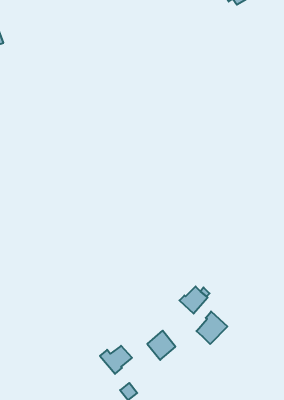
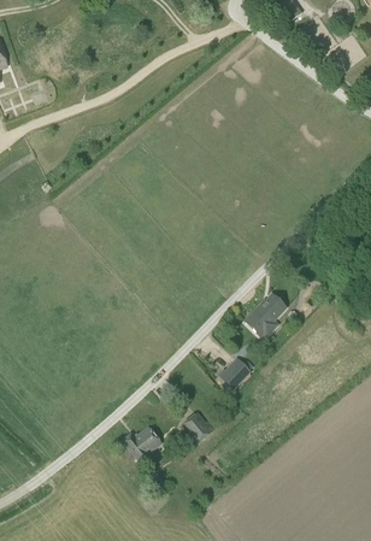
building: none -> [249,293,285,335]
building: [196,311,227,344] -> none

